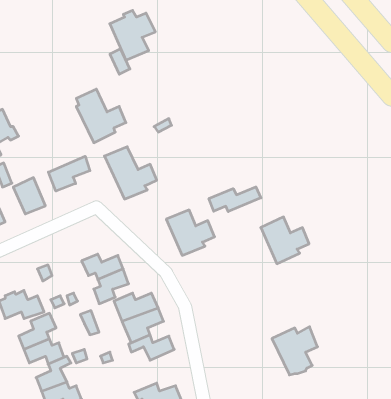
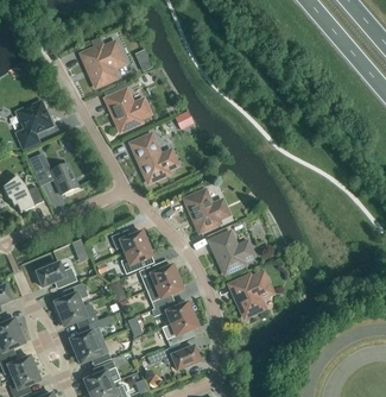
building: [110,10,155,60] -> [82,42,122,86]
building: [48,156,90,191] -> none
building: [209,187,261,212] -> none
building: [261,217,309,264] -> [210,232,253,273]
building: [272,327,318,375] -> [229,273,270,316]
building: none -> [164,314,198,346]

